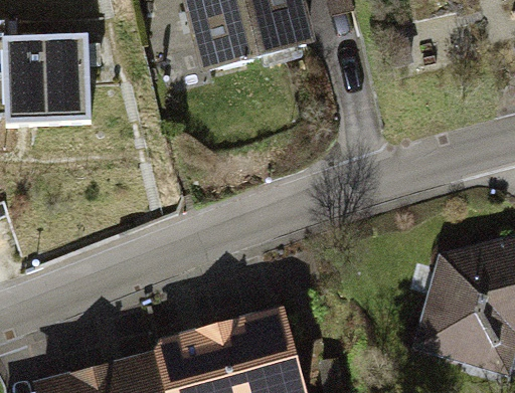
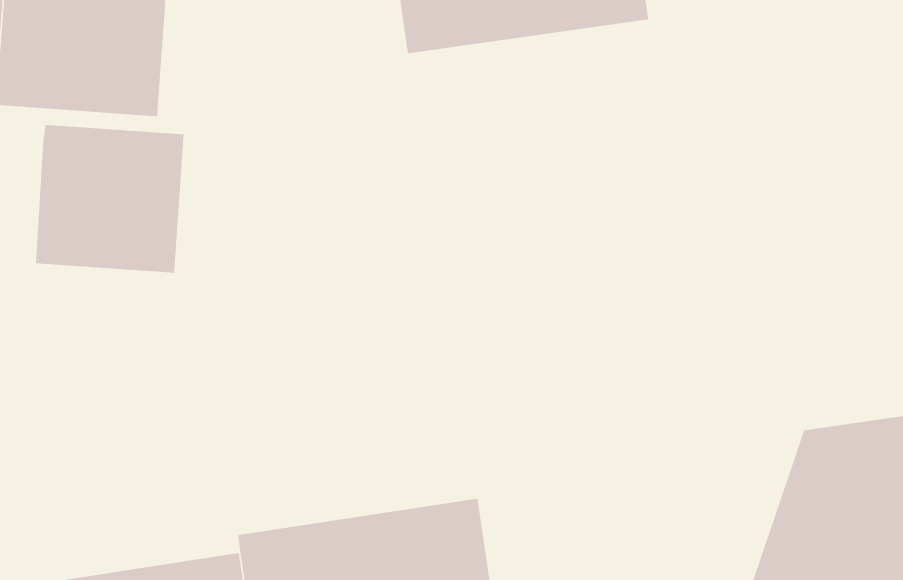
building: none -> [36,124,184,274]

